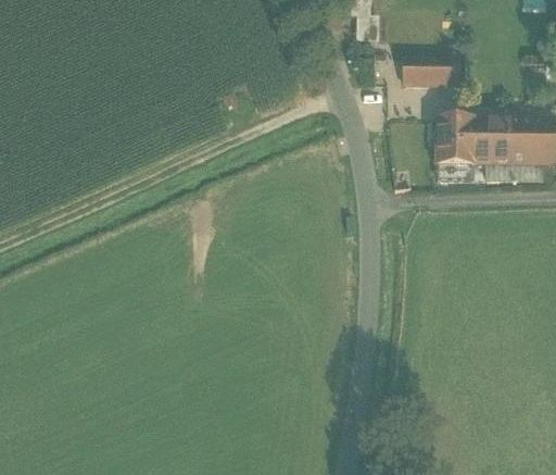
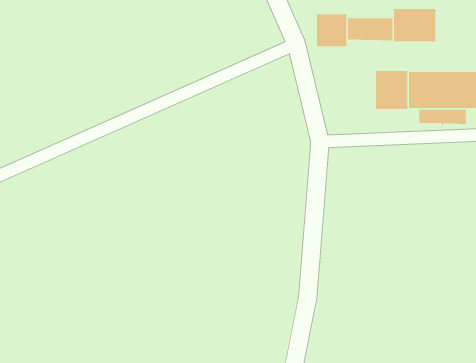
building: none -> [393,8,436,42]
building: none -> [316,14,347,47]

